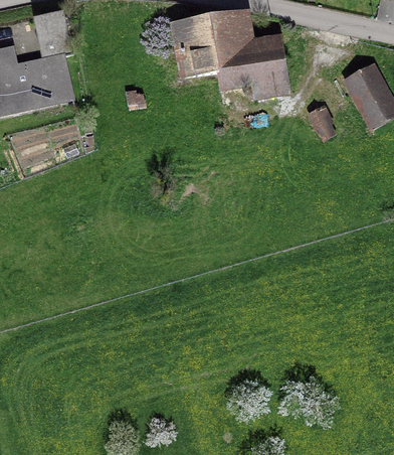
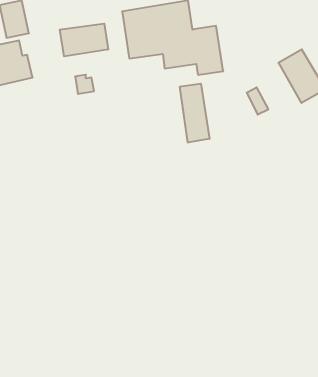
building: none -> [60,24,108,56]
building: none -> [180,84,209,143]

